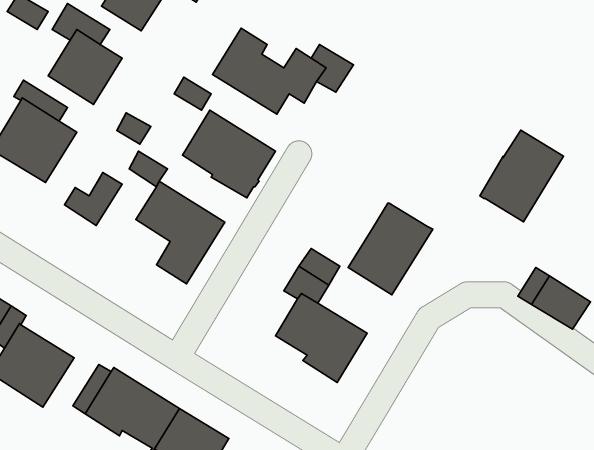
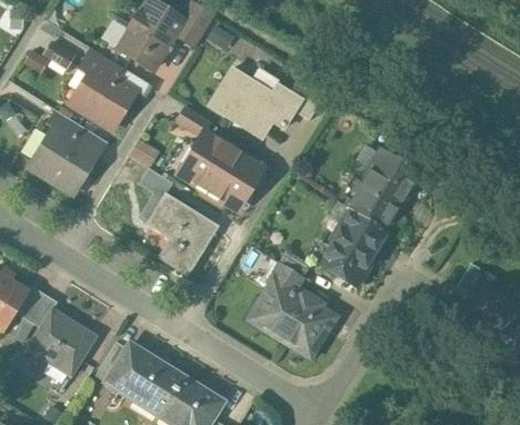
building: [480,130,563,222] -> [347,154,414,228]
building: [65,173,122,225] -> none

